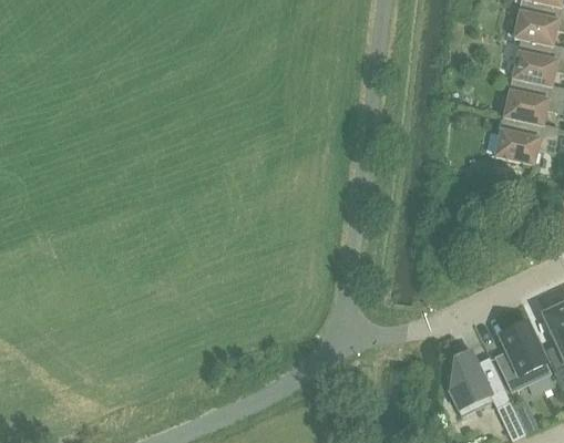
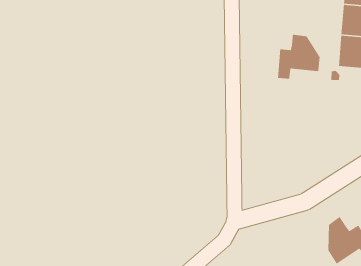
building: none -> [277,34,320,80]

